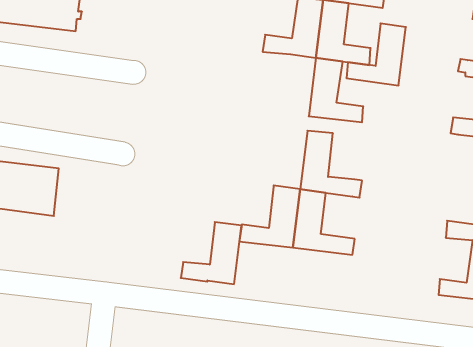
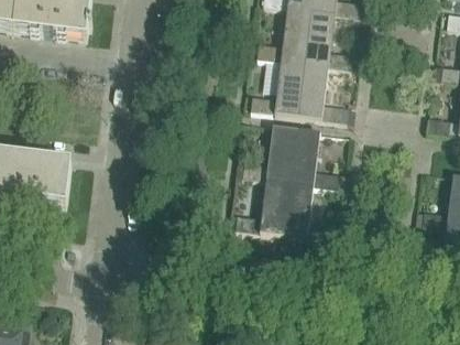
building: [346,23,406,85] -> [250,57,304,114]
building: [181,222,241,284] -> [241,123,296,180]

